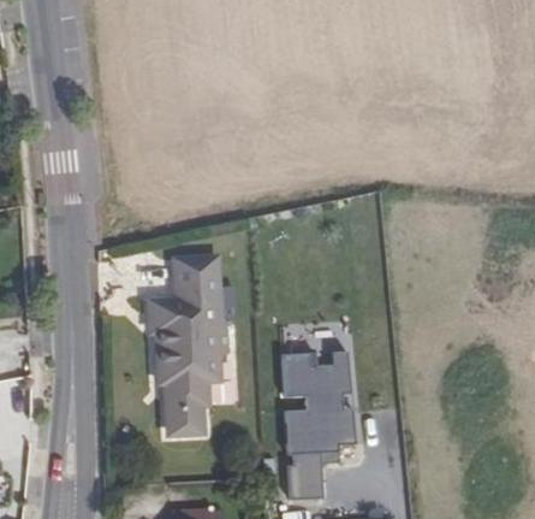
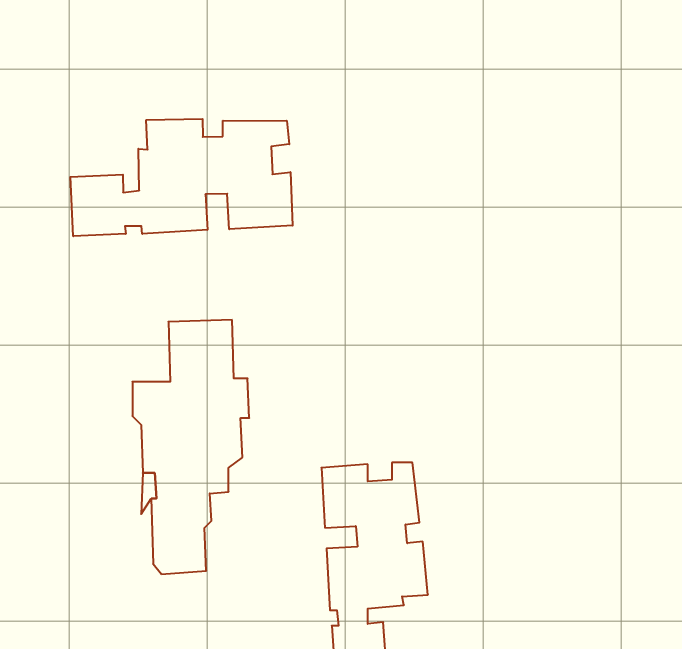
building: none -> [70,119,293,236]

